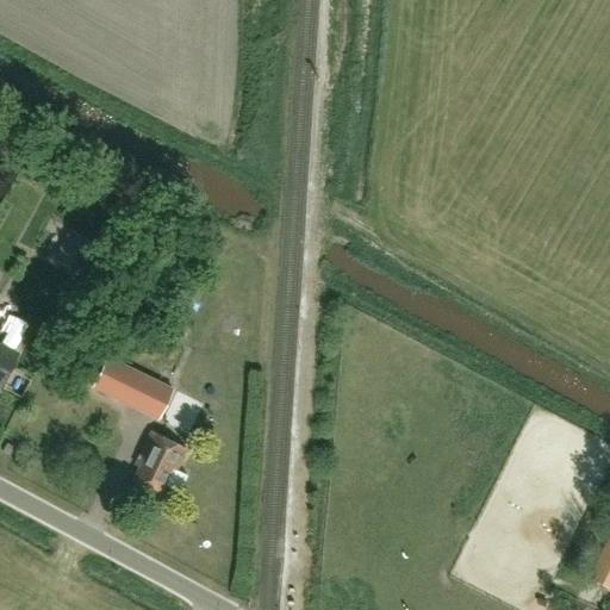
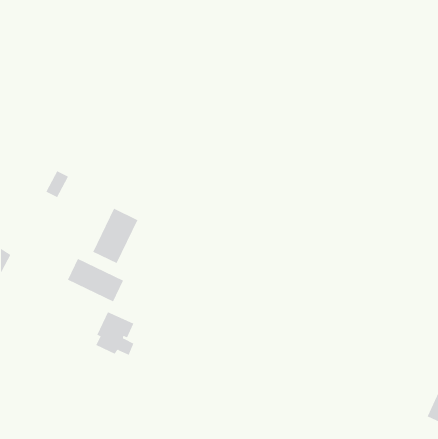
building: none -> [93,208,138,264]

